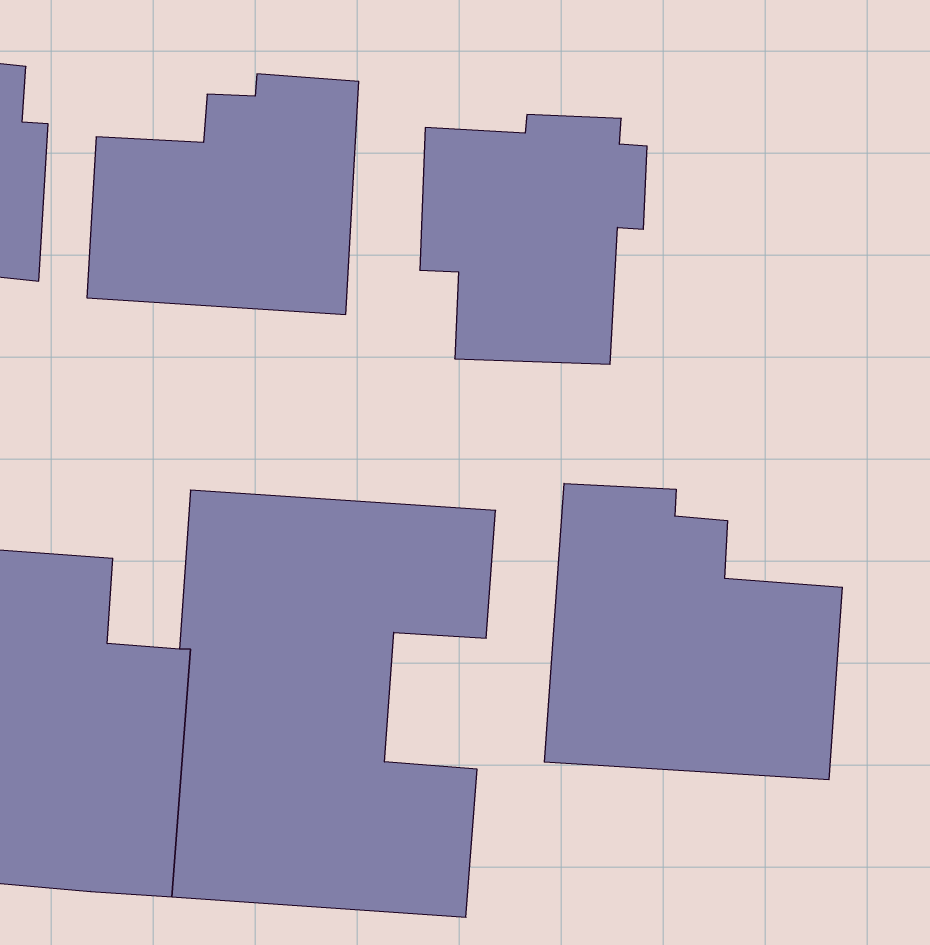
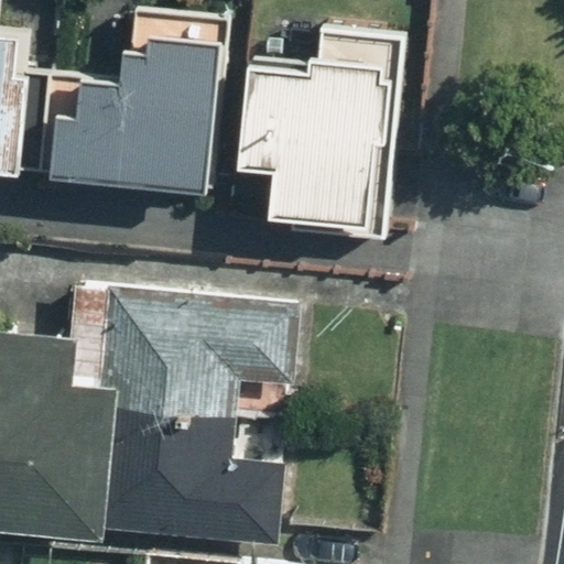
building: [544,483,842,780] -> none

